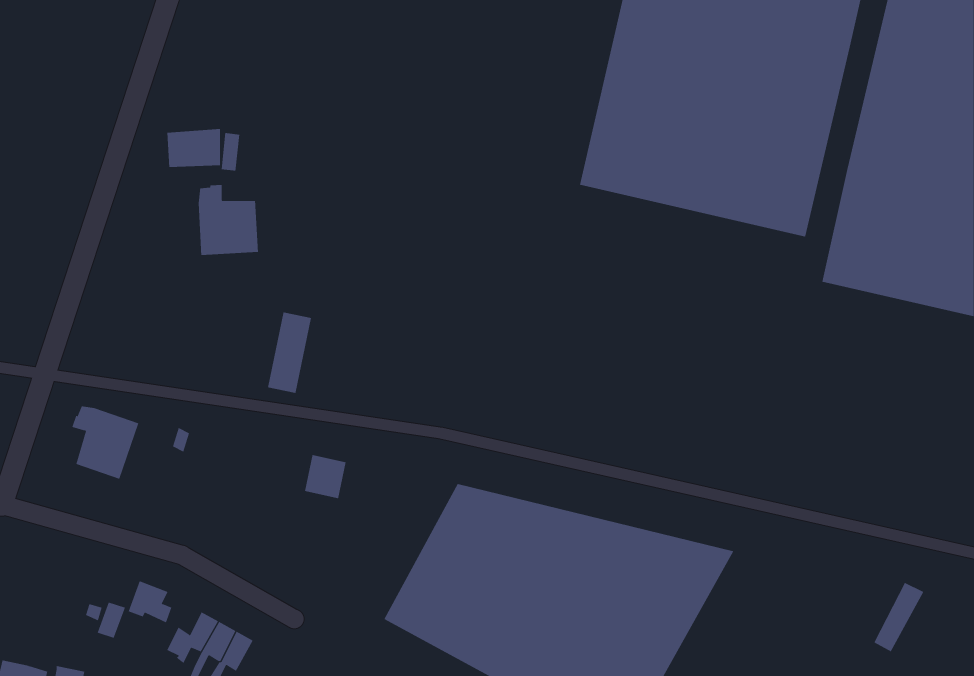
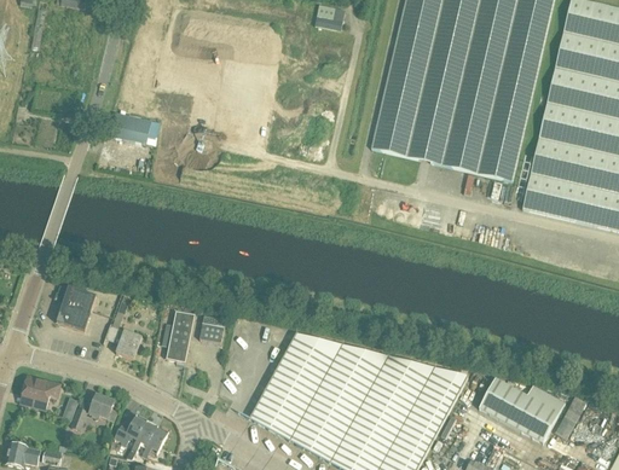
building: [198,184,258,256] -> none
building: [267,312,312,393] -> [167,312,195,362]
building: none -> [105,325,141,360]
building: none -> [21,376,60,410]
building: none -> [479,378,566,445]

